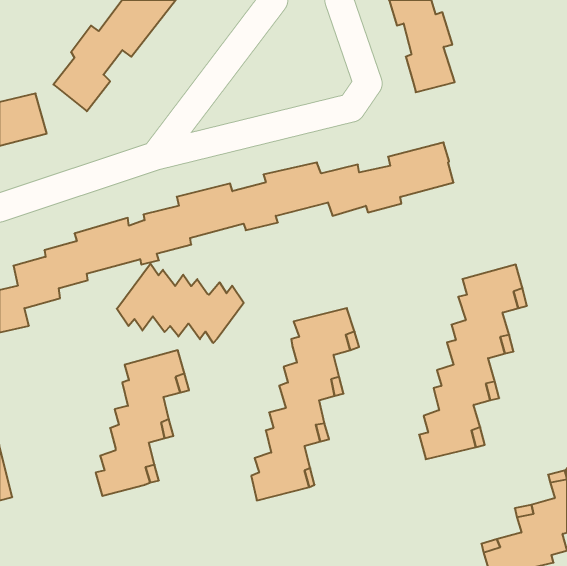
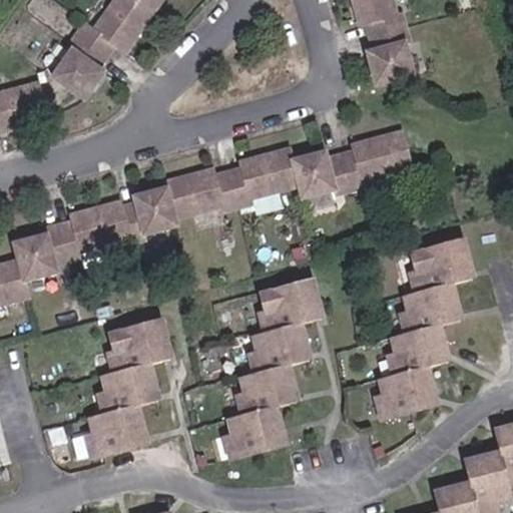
building: [117,264,244,343] -> none

